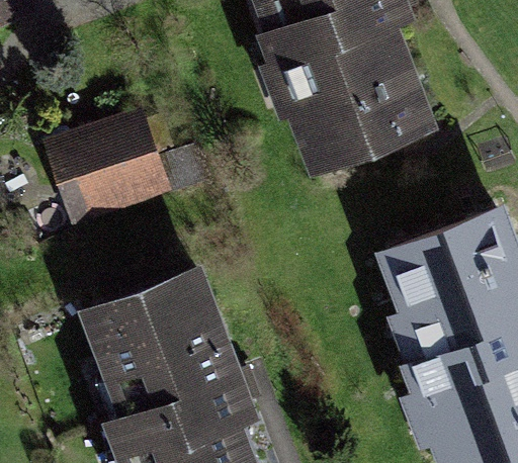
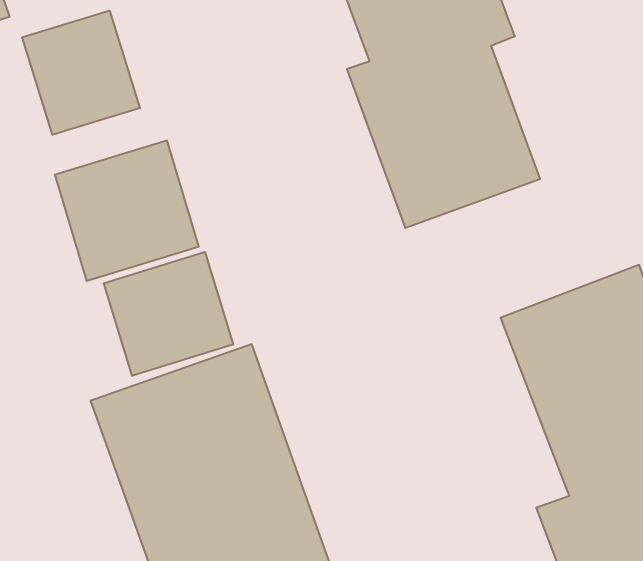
building: none -> [22,11,140,135]
building: none -> [104,252,233,376]

